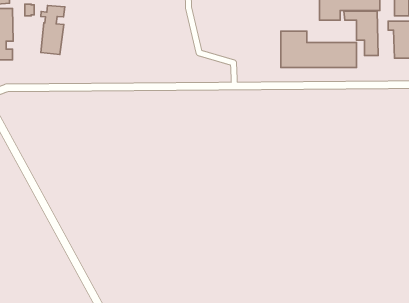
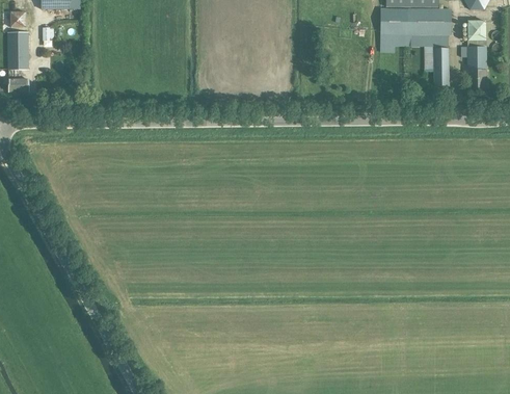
building: [41,5,65,54] -> none
building: [281,31,356,67] -> none

